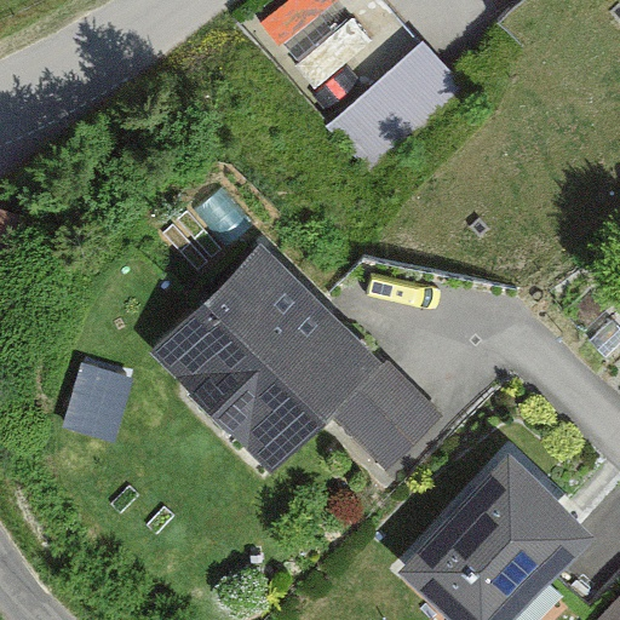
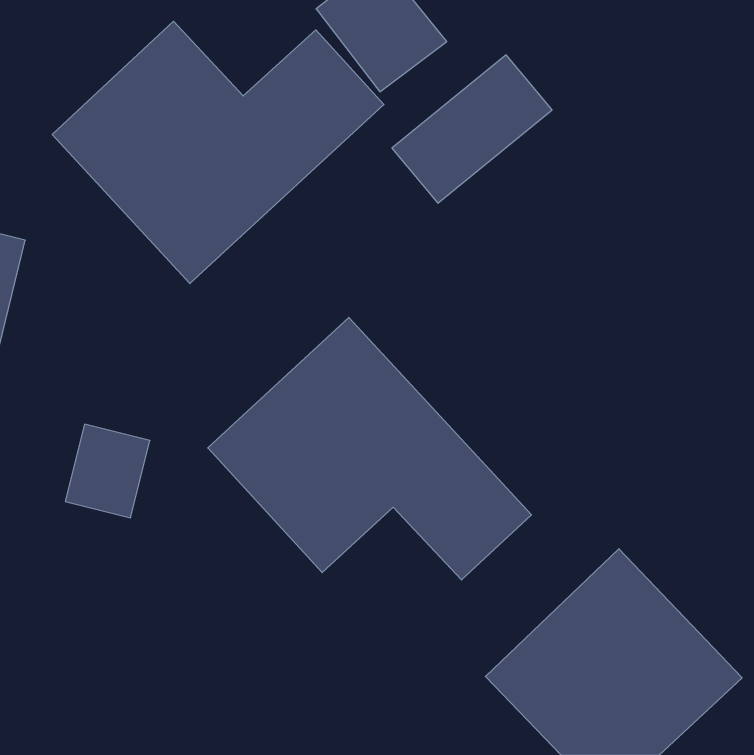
building: none -> [52,21,384,284]

